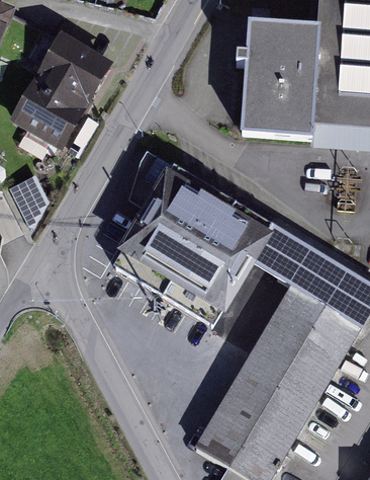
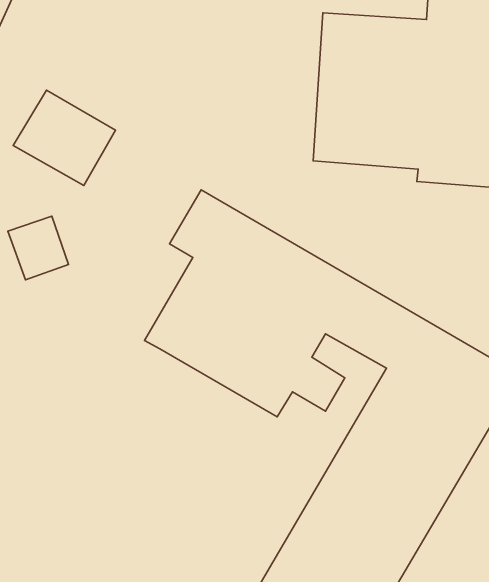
building: [37,39,112,109] -> none

